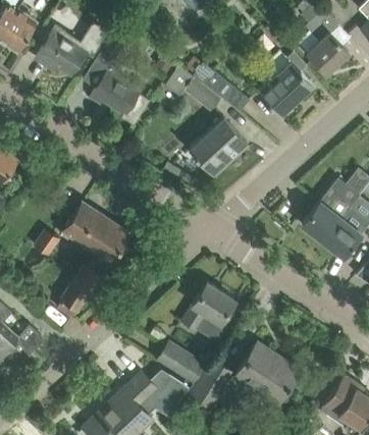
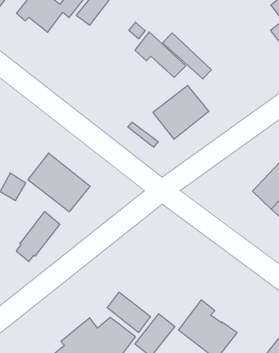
building: [253,52,312,116] -> none
building: [90,68,150,125] -> none
building: [181,283,233,342] -> none

